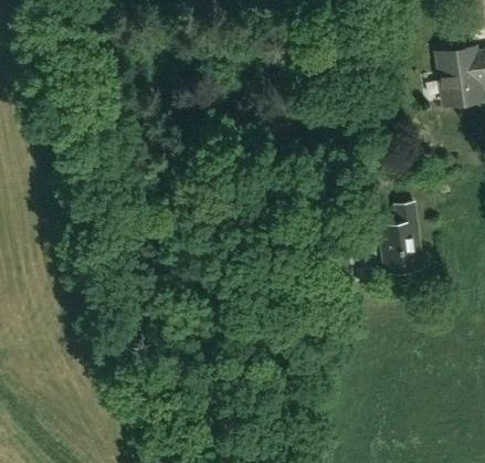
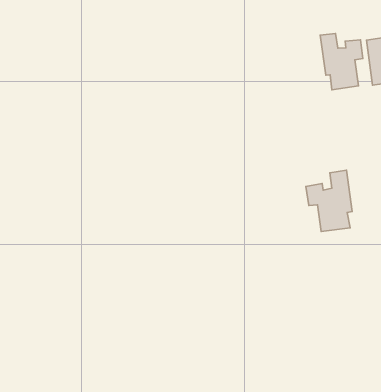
building: none -> [320,33,363,90]

